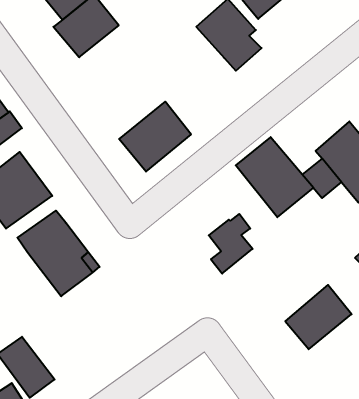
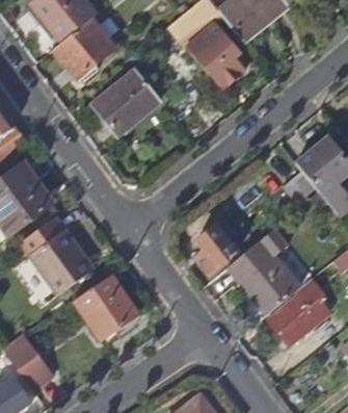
building: [119,102,191,172] -> [92,70,159,134]
building: [236,137,313,217] -> [227,240,299,314]
building: none -> [73,275,137,339]

